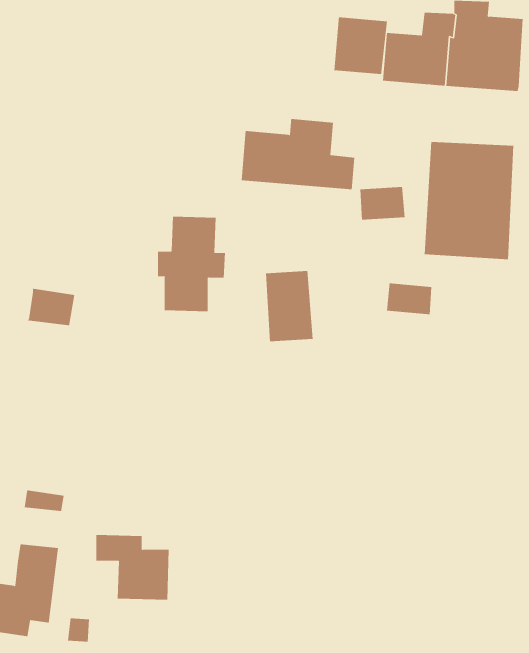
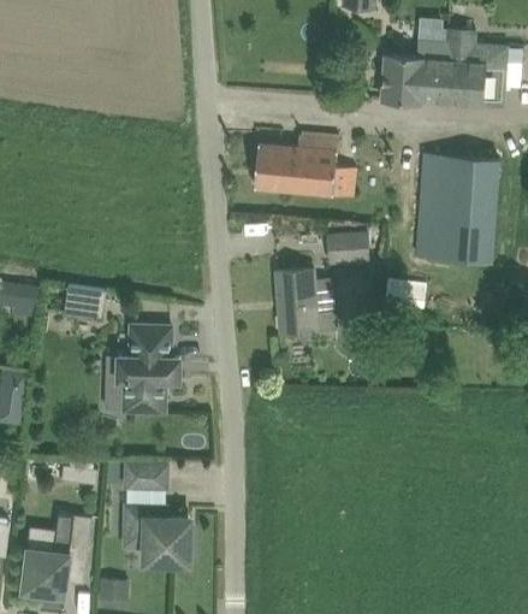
building: [334,16,388,75] -> none
building: [360,186,405,220] -> [327,234,368,264]
building: [157,216,226,312] -> [118,326,179,412]
building: none -> [125,465,167,490]

